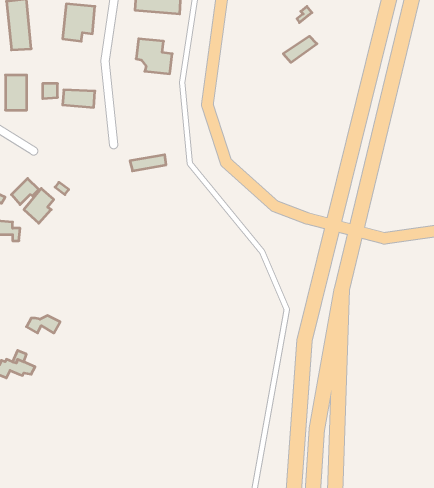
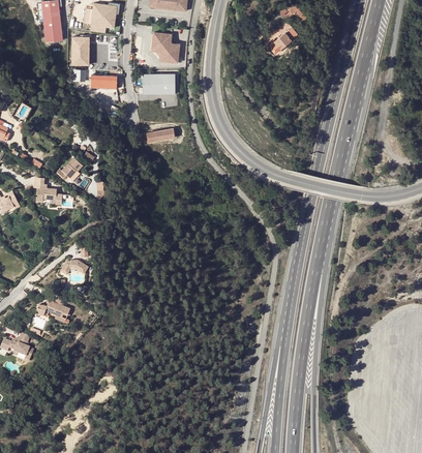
building: [5,75,27,110] -> [71,37,89,66]
building: none -> [144,75,177,96]

